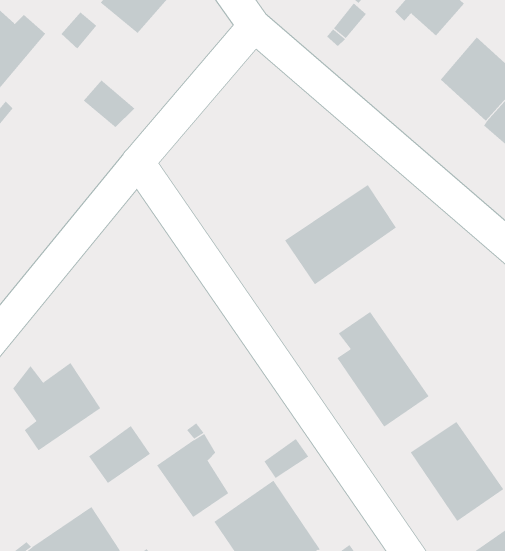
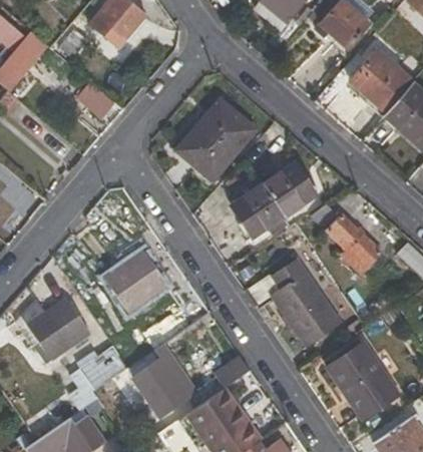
building: none -> [175,99,255,180]
building: none -> [312,204,382,274]
building: none -> [104,252,167,313]

